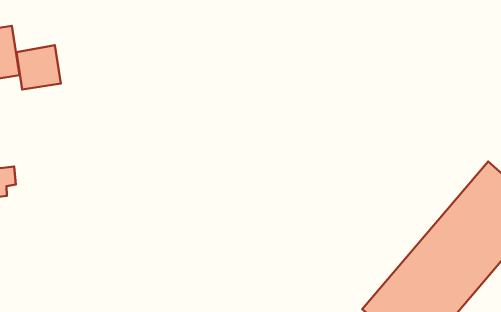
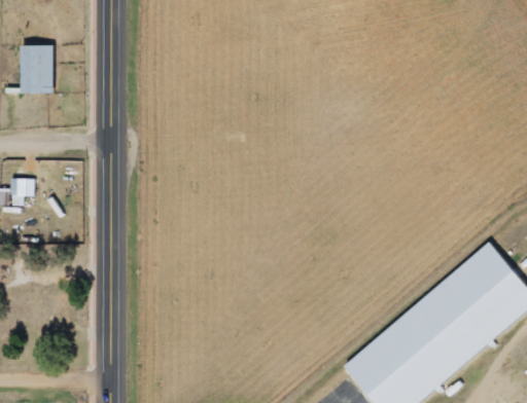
building: [17,45,61,89] -> none

